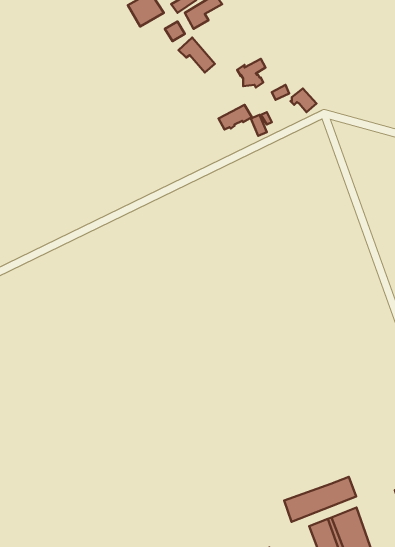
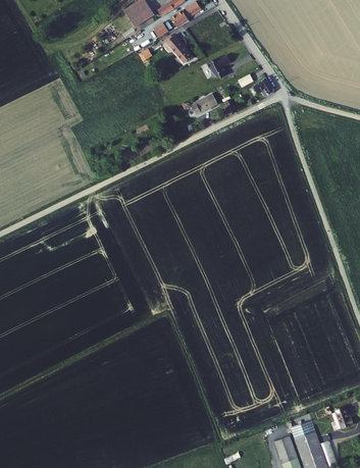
building: [284,477,356,522] -> none

